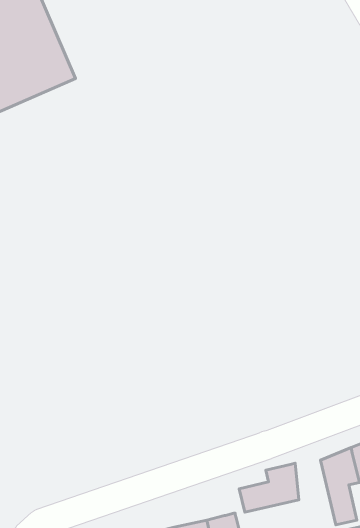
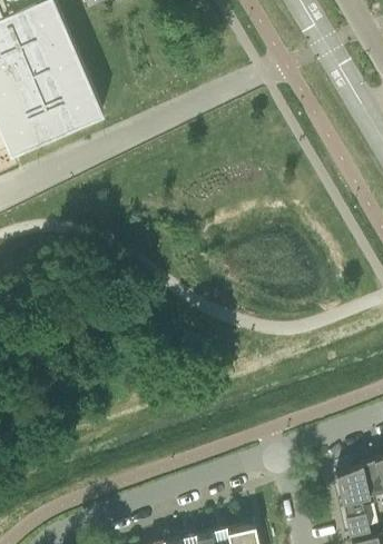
building: [239,463,299,512] -> none

